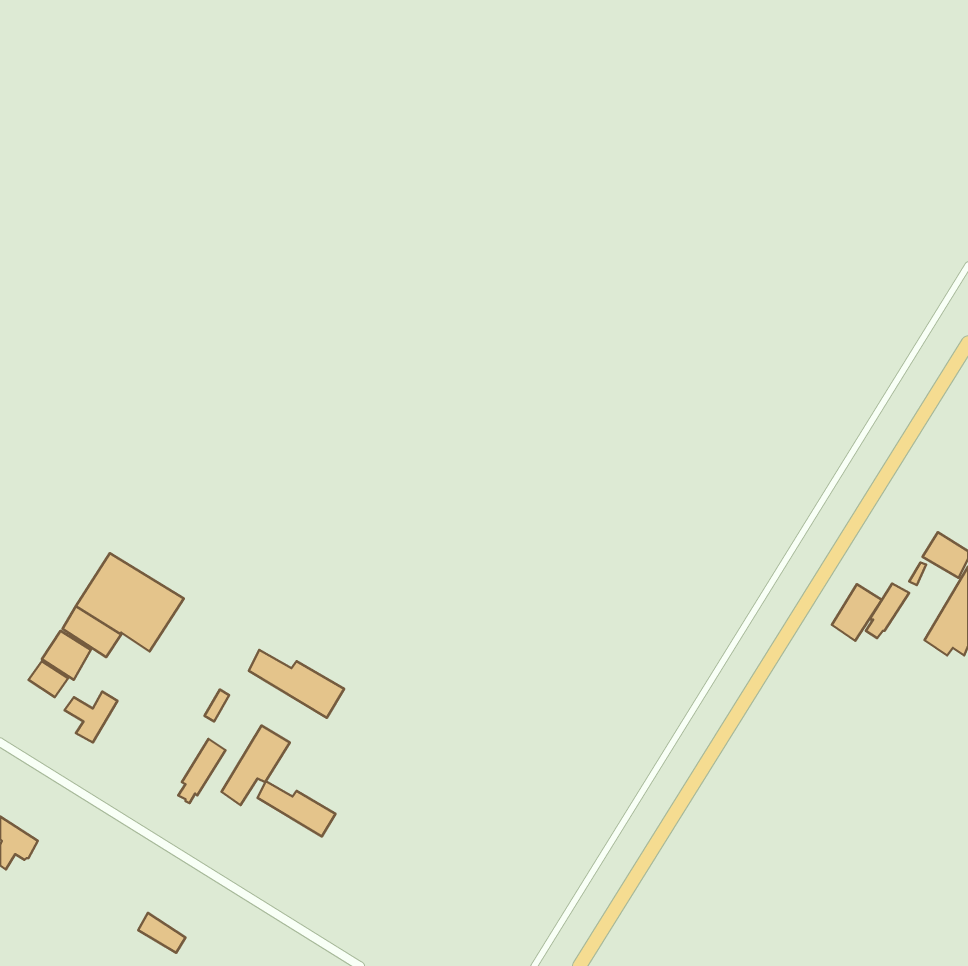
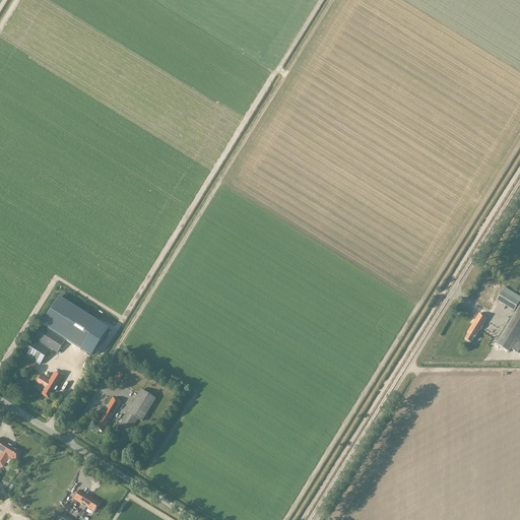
building: [832,584,882,641] -> none
building: [249,650,344,718] -> none
building: [258,781,336,837] -> none

